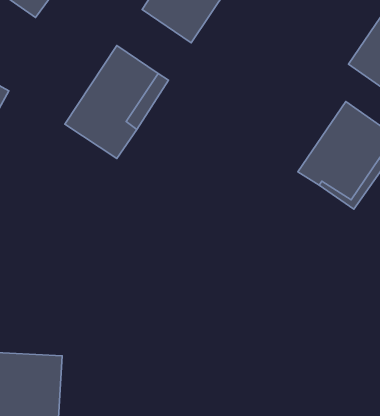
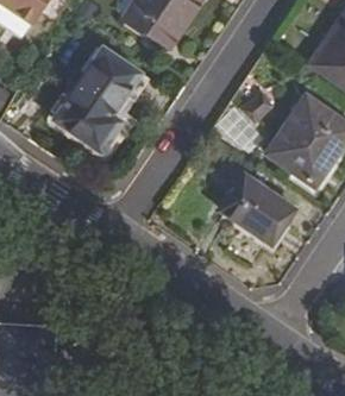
building: none -> [221,175,295,243]

